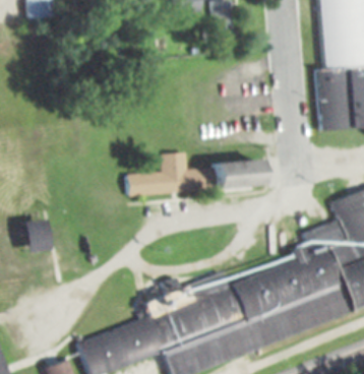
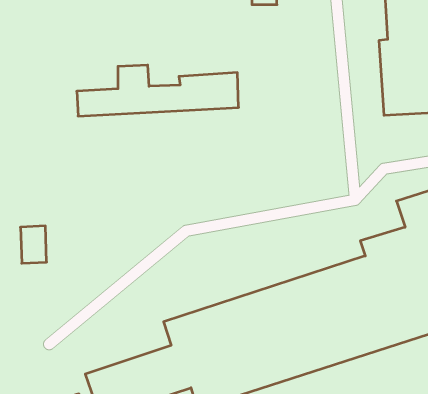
building: [127,152,259,194] -> [77,65,239,116]

